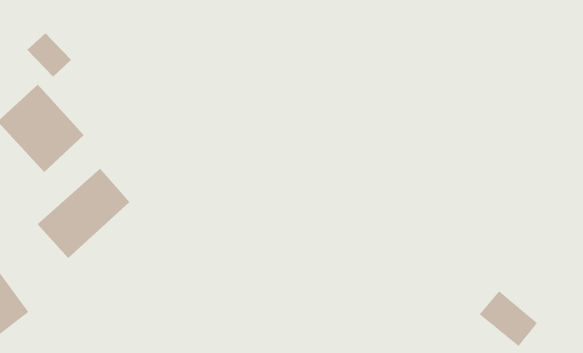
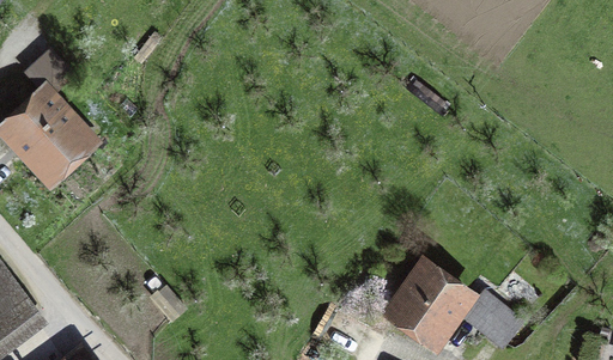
building: [37,168,130,259] -> none
building: none -> [389,266,461,338]

